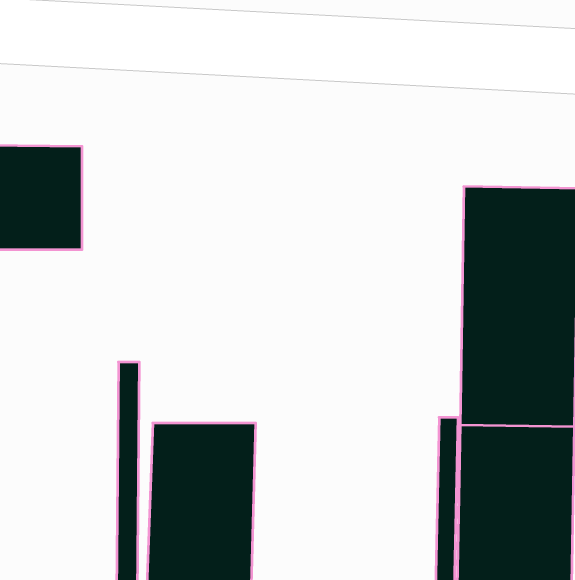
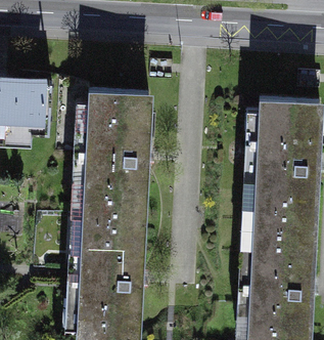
building: none -> [88,92,147,228]

